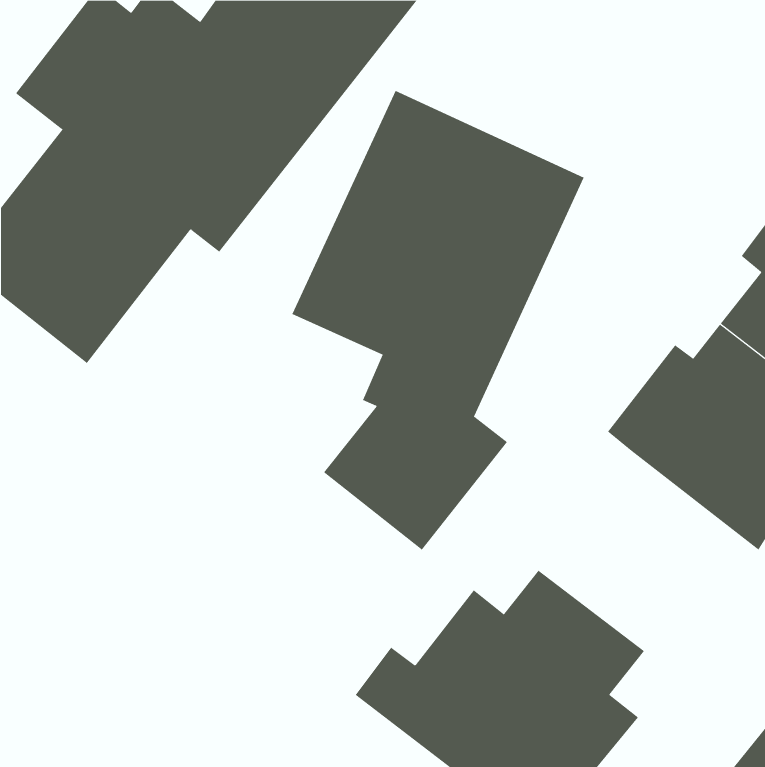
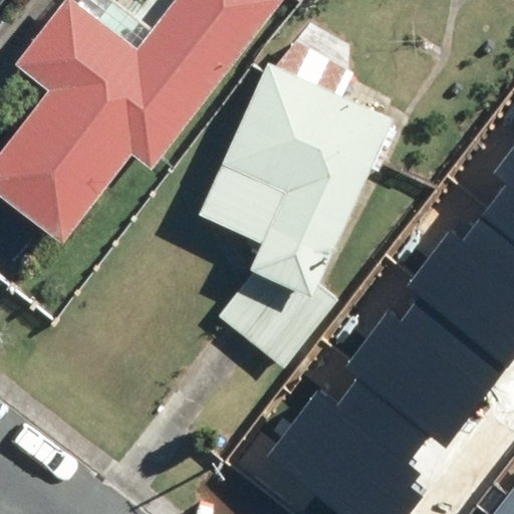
building: none -> [346,302,509,447]

